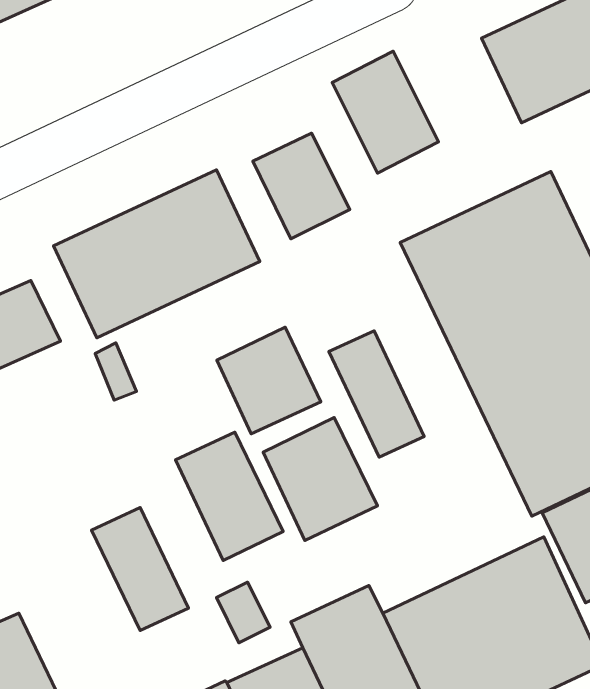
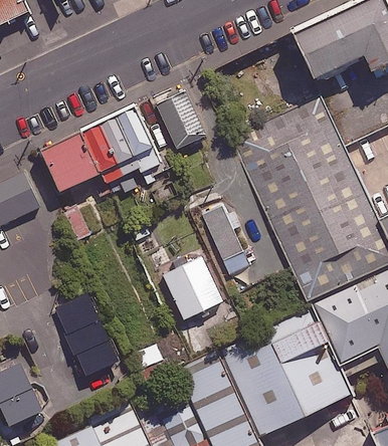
building: [332,51,439,173] -> none
building: [217,327,321,434] -> none
building: [175,432,283,561] -> none

